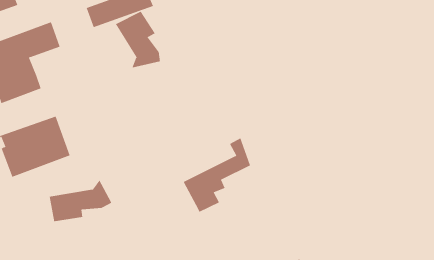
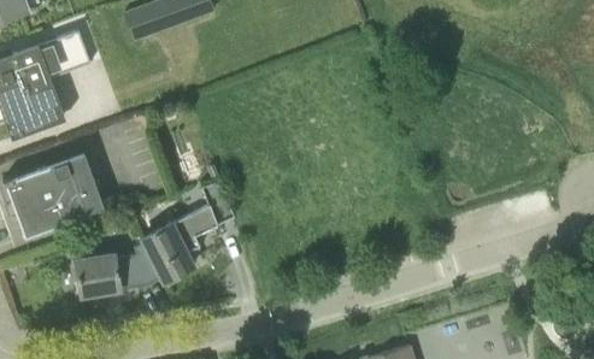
building: [115,11,161,68] -> none
building: [183,137,251,213] -> [142,181,233,281]

